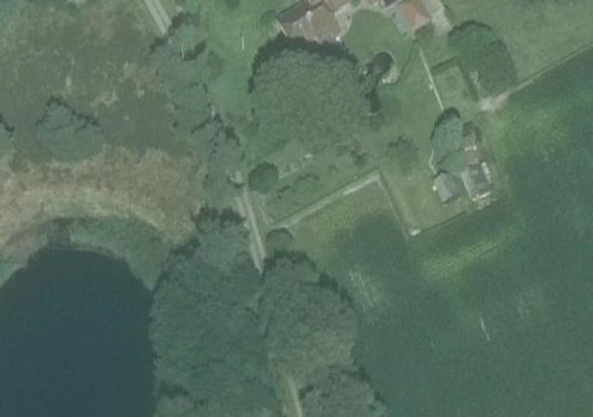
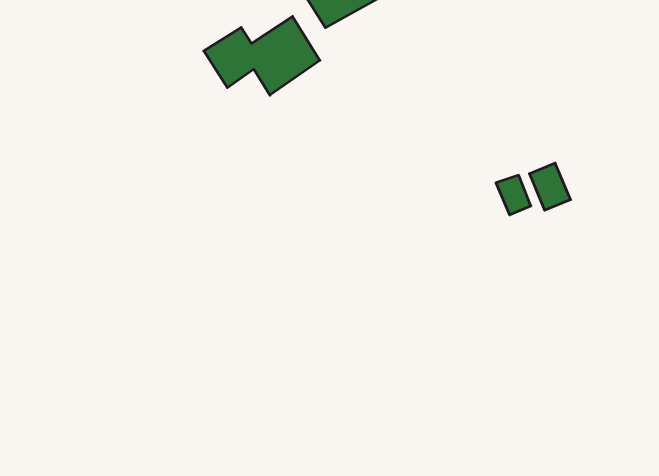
building: none -> [204,16,320,95]

